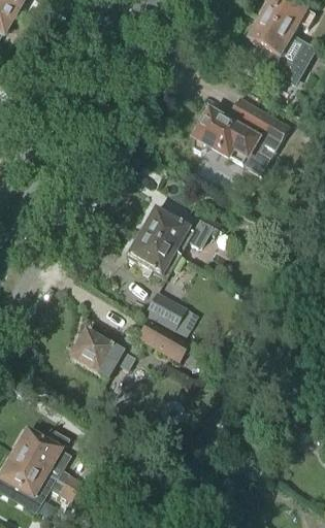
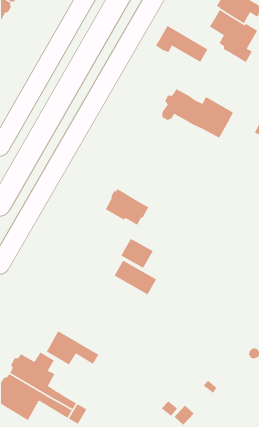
building: [227,94,291,139] -> [155,25,208,63]
building: [141,205,221,249] -> none
building: [70,328,134,370] -> [46,330,99,366]

